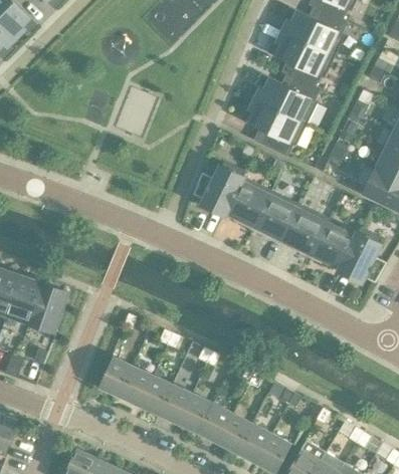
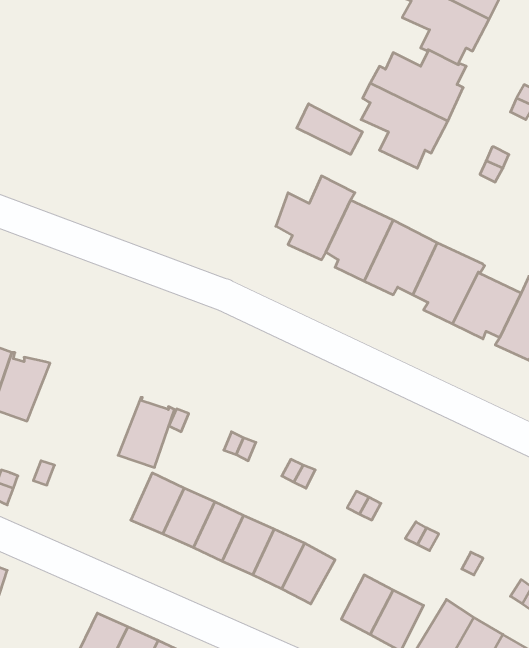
building: none -> [297,104,362,154]
building: [29,284,66,330] -> [118,397,174,467]
building: [216,414,251,453] -> none

